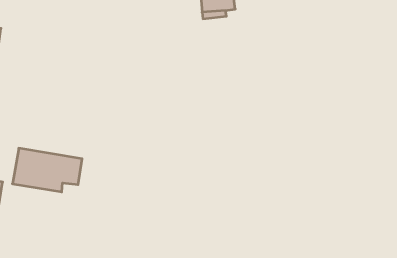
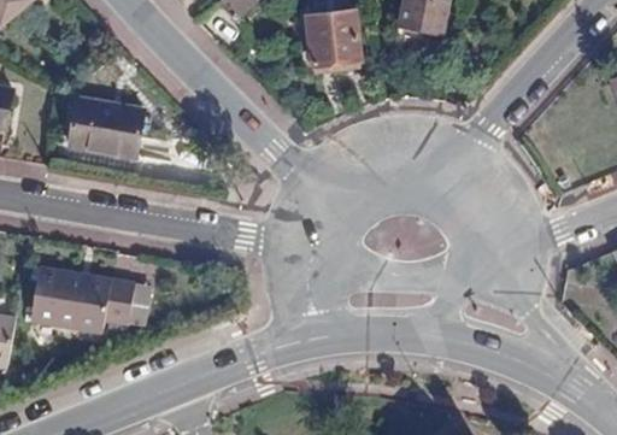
building: none -> [69,96,143,158]

